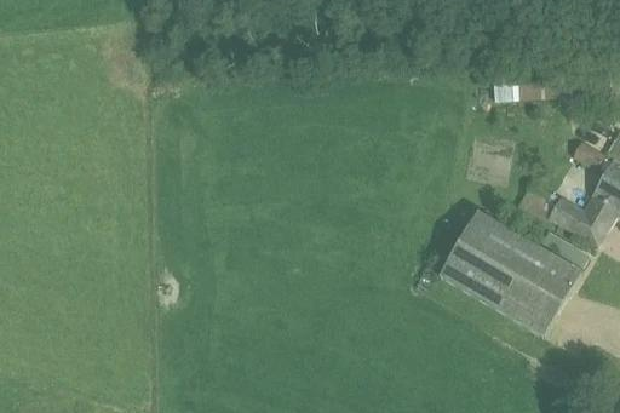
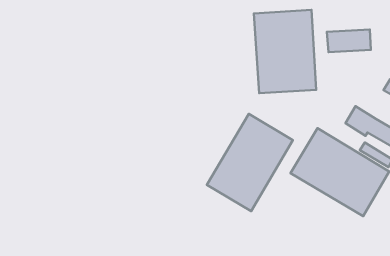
building: none -> [254,10,316,93]
building: none -> [207,114,293,211]

